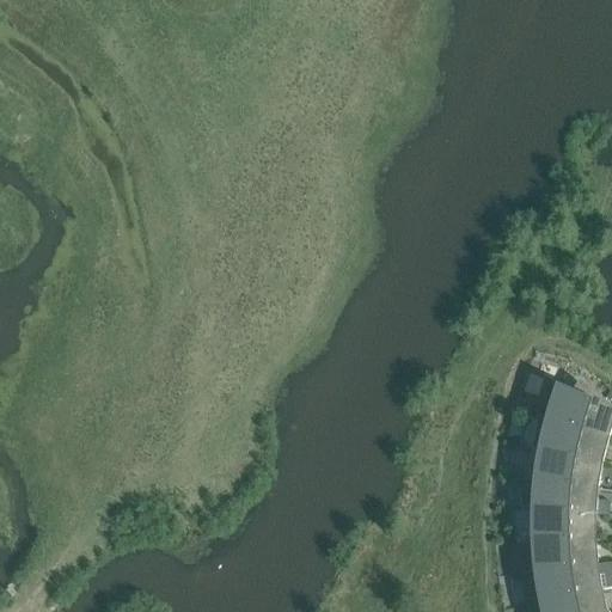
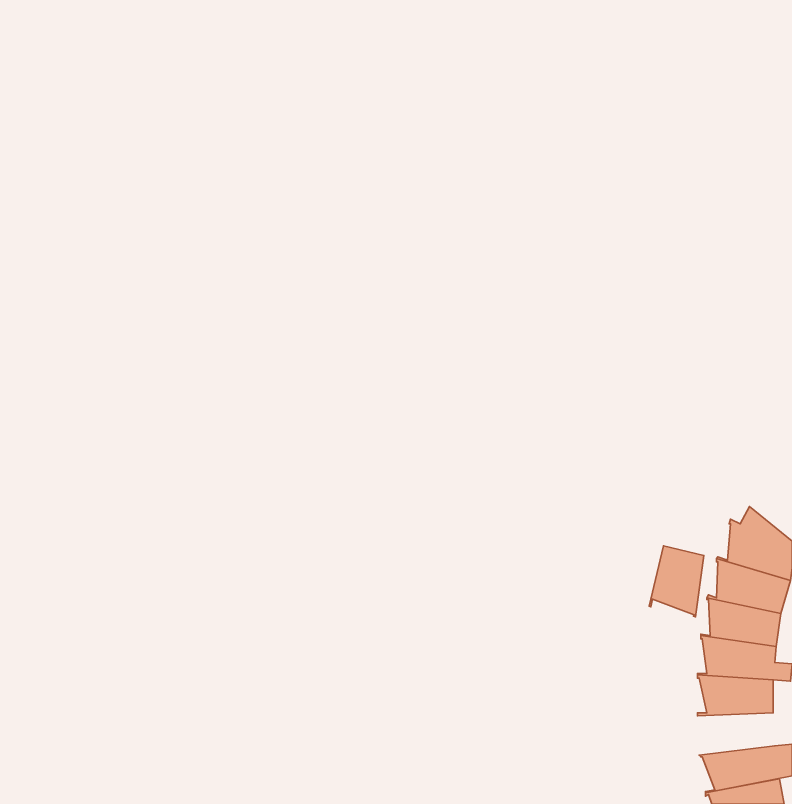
building: none -> [649,546,704,617]
building: [530,541,588,574] -> none

